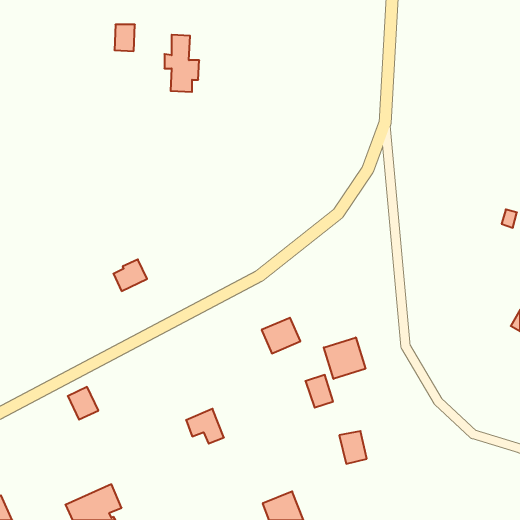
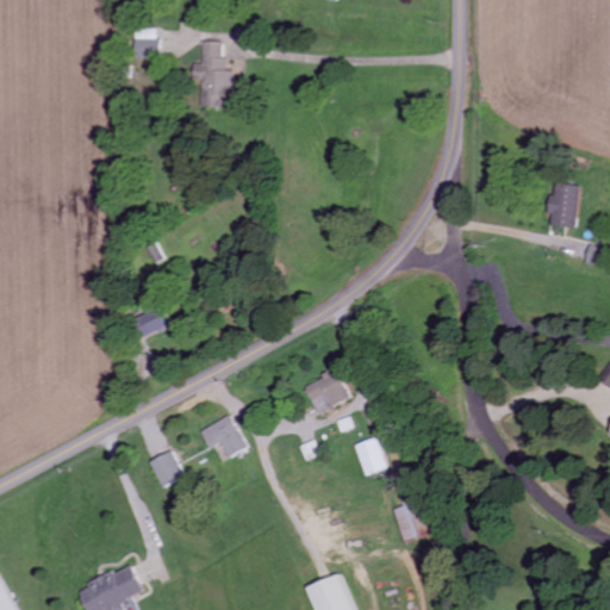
building: none -> [547,183,577,226]
building: [324,337,365,379] -> none
building: [68,387,98,420] -> [149,450,185,488]
building: [186,409,224,444] -> [200,416,244,456]

